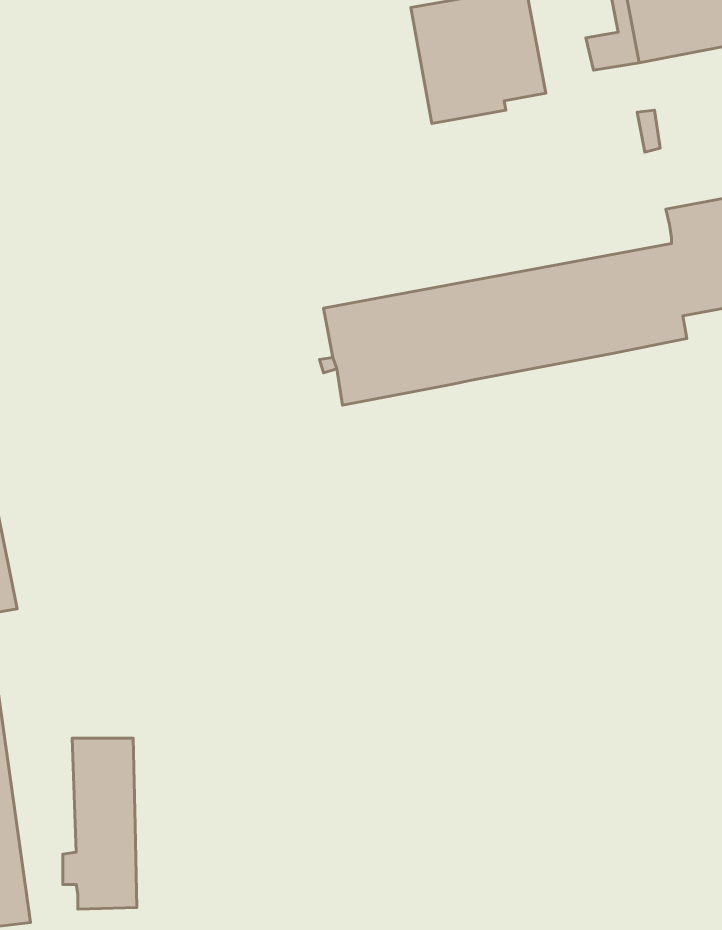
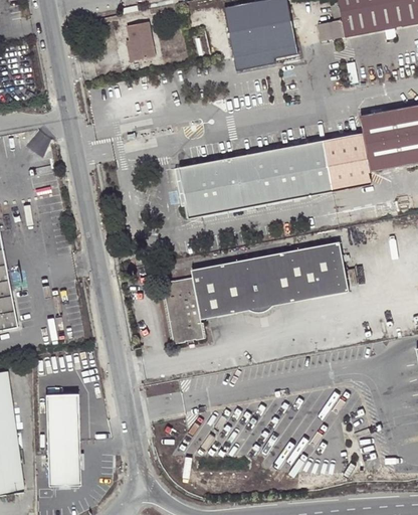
building: none -> [126,22,154,61]
building: none -> [163,241,348,344]

